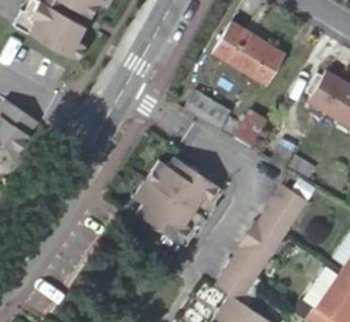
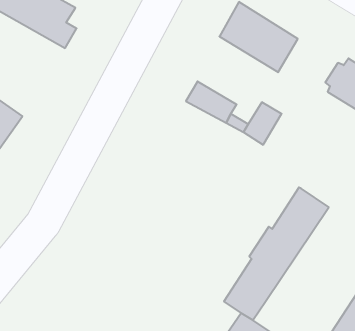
building: [134,155,224,246] -> none

